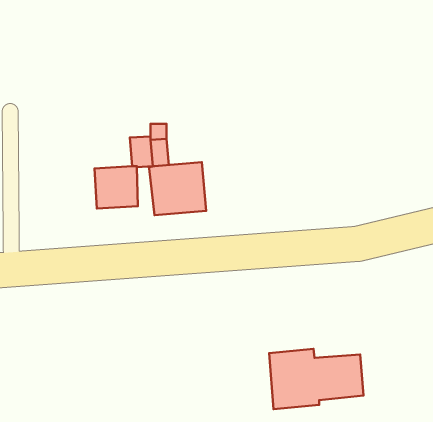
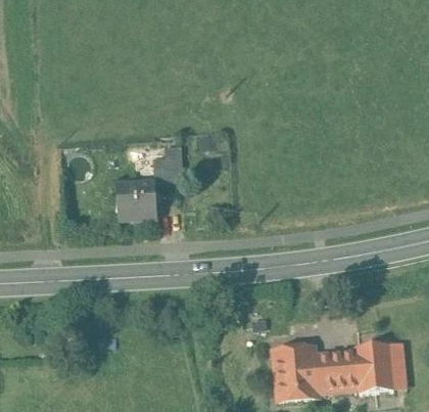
building: [149,162,206,215] -> none
building: none -> [355,344,393,392]

